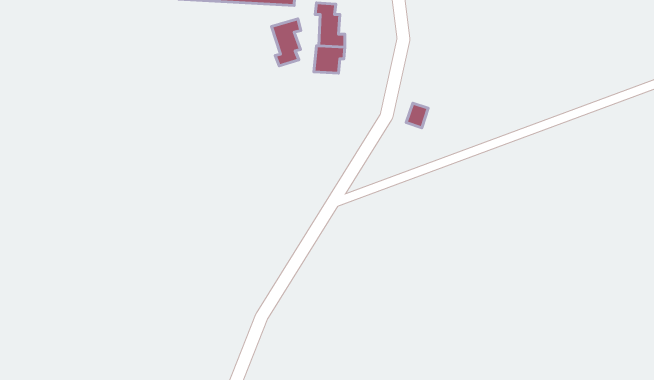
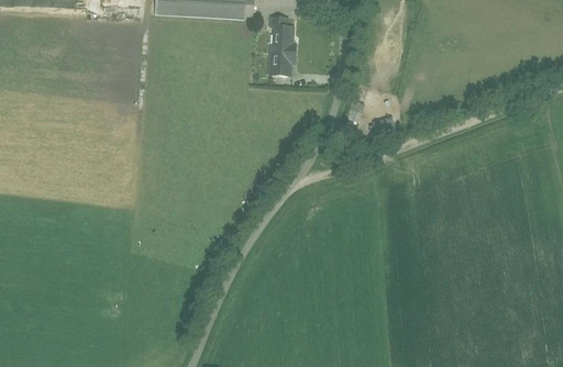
building: [271,19,301,66] -> none

